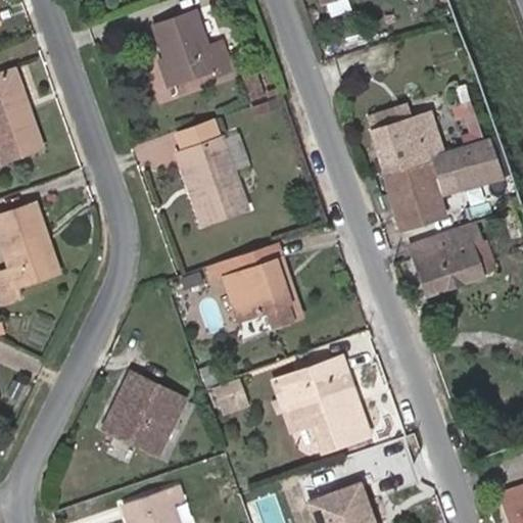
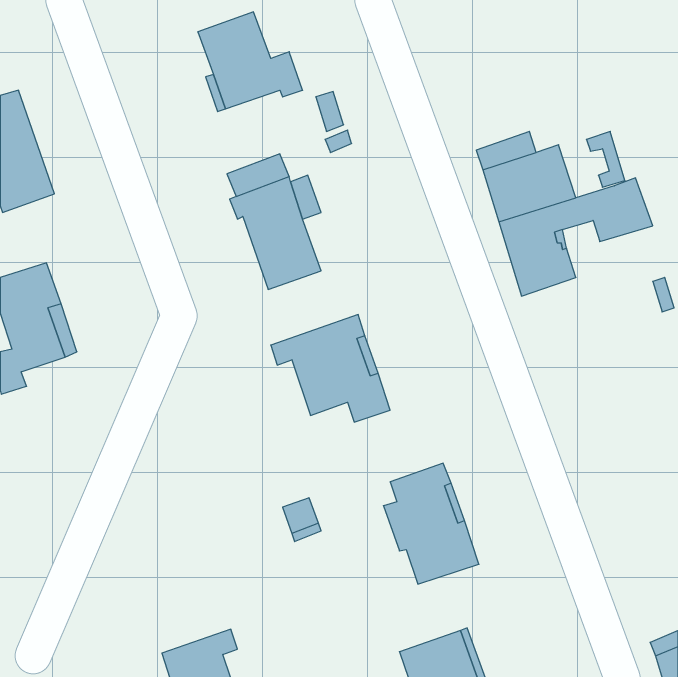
building: [410,222,494,295] -> none
building: [273,372,307,431] -> none
building: [105,374,184,454] -> none

